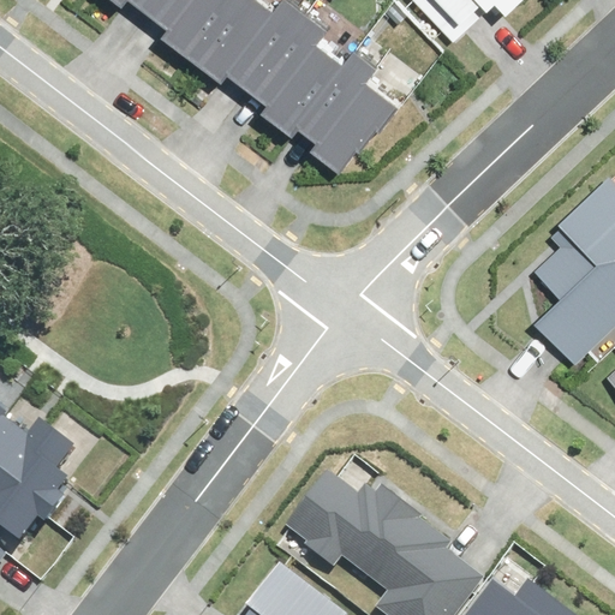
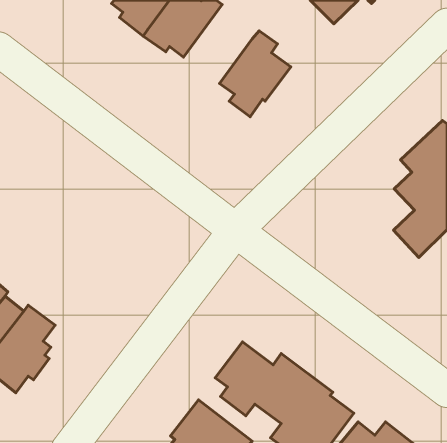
building: [251,14,345,130] -> none

